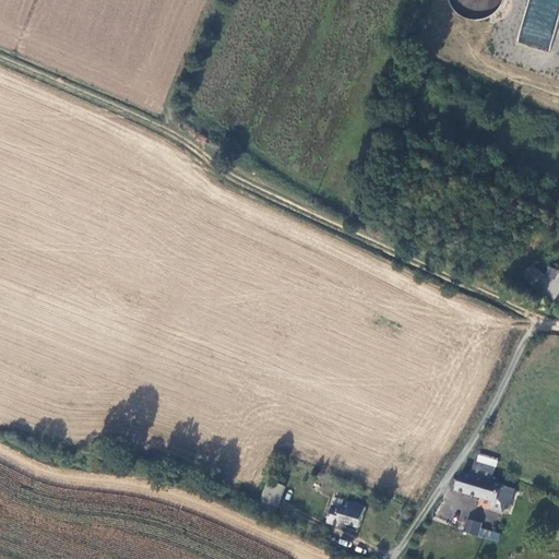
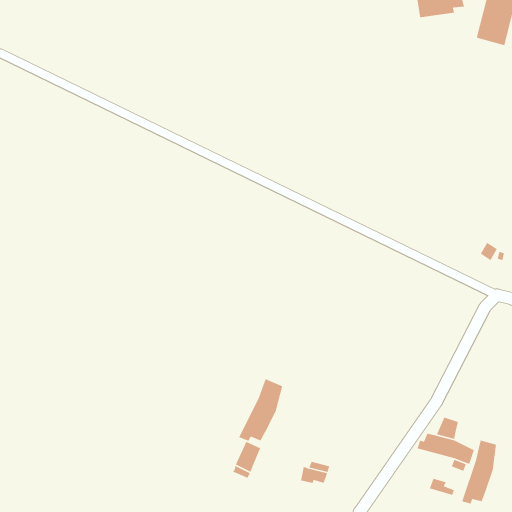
building: none -> [238,378,283,442]
building: none -> [461,439,497,505]

